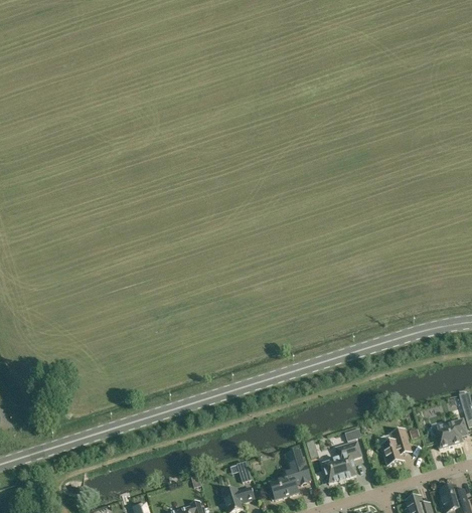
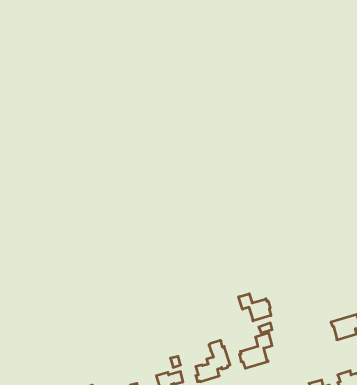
building: none -> [239,294,271,321]
building: [380,429,410,464] -> none

